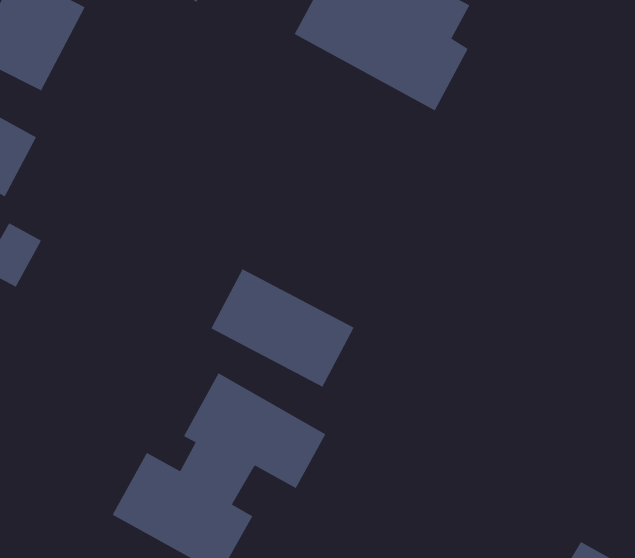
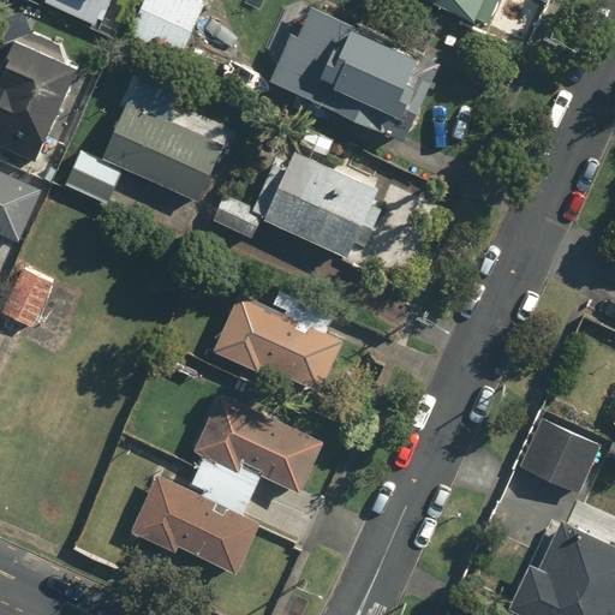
building: none -> [62,98,223,204]
building: none -> [210,151,377,257]
building: none -> [518,417,601,495]

